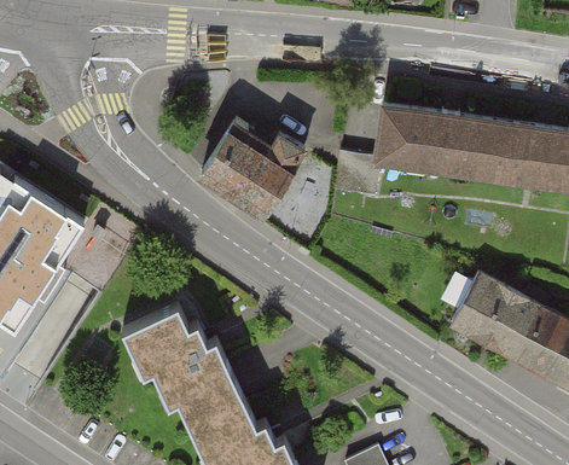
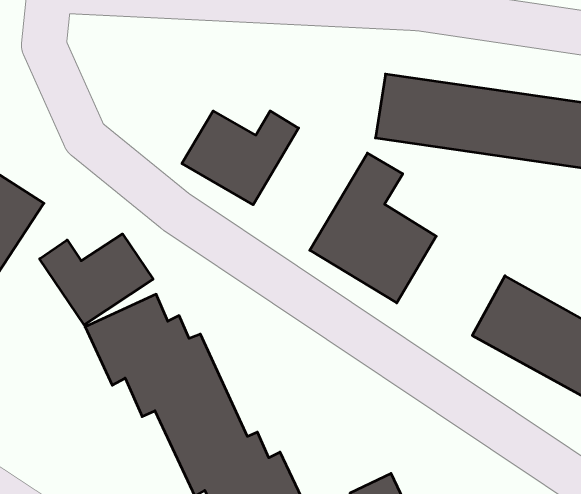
building: none -> [310,153,436,303]
building: none -> [40,234,153,325]

